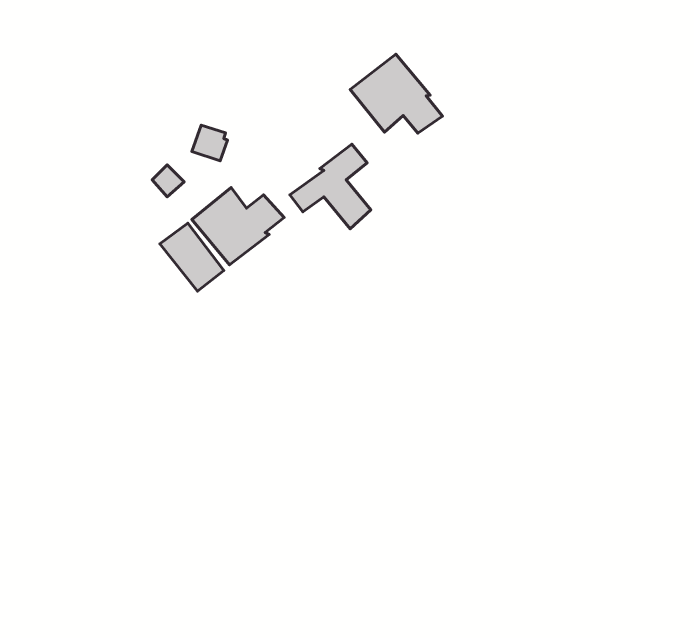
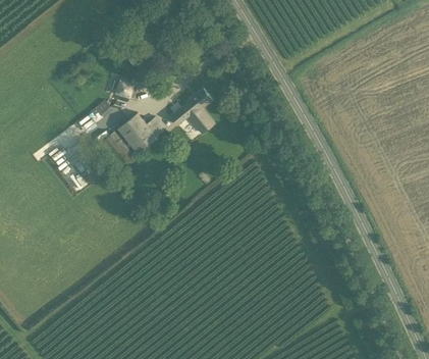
building: [350,54,442,133] -> none

